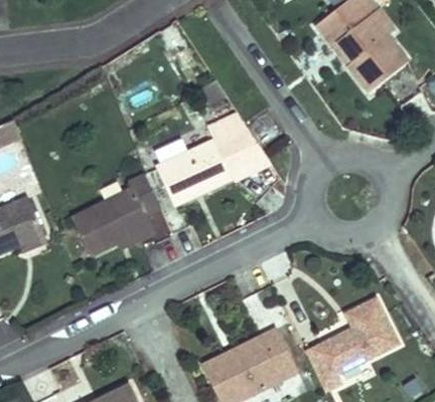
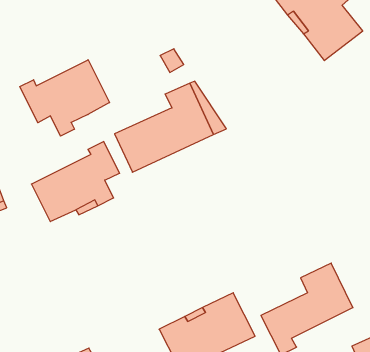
building: none -> [20,60,110,136]

